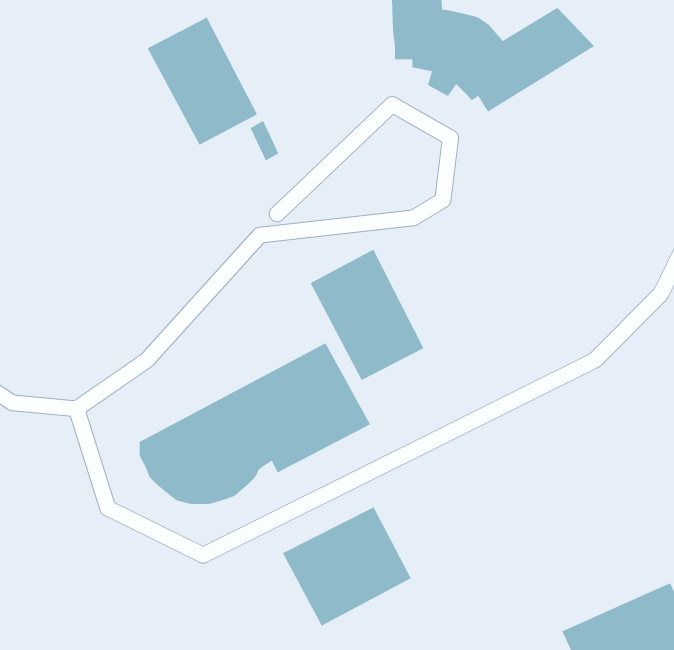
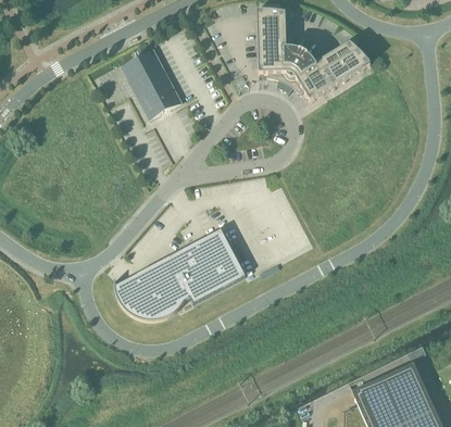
building: [310,249,424,381] -> none
building: [282,506,411,626] -> none

